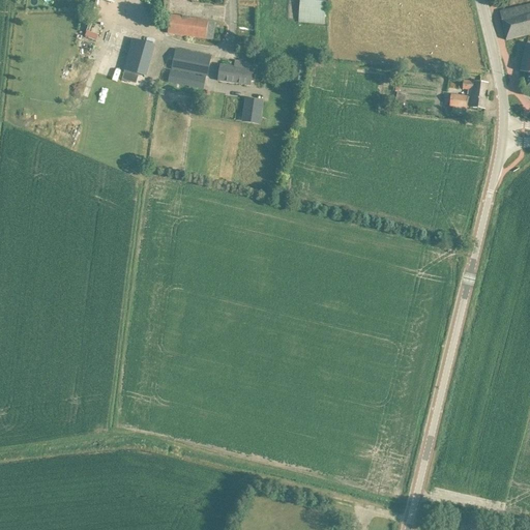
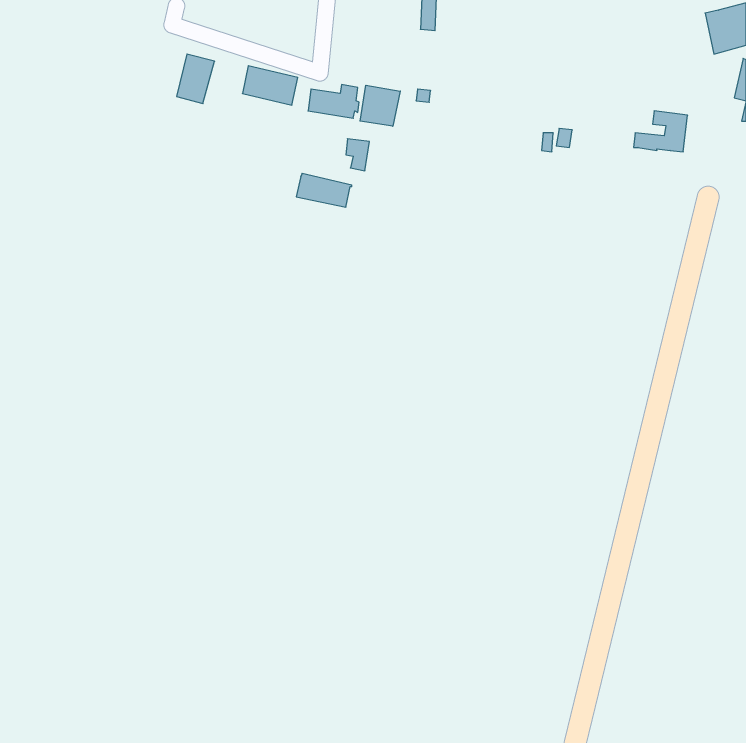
building: [168,14,202,36] -> none
building: none -> [360,85,400,126]
building: [168,66,207,90] -> [296,173,352,207]

